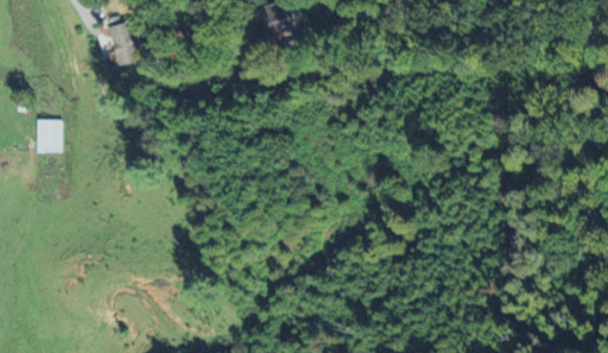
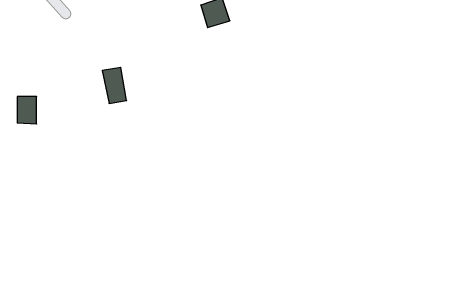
building: [109,21,139,65] -> [102,67,127,103]

